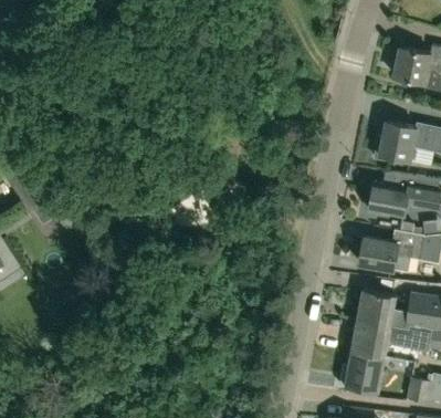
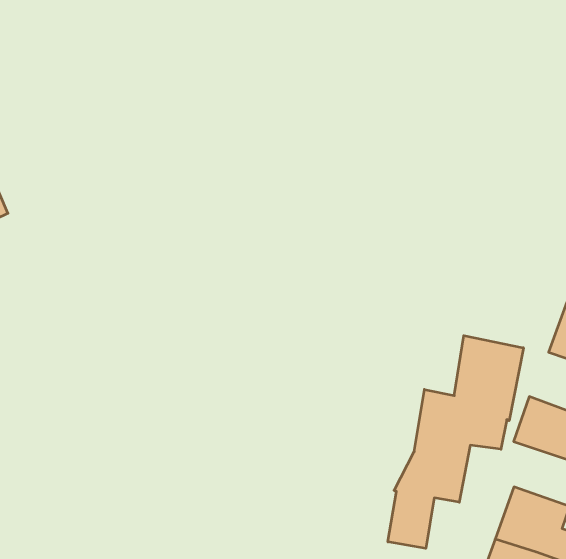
building: none -> [388,336,523,548]

